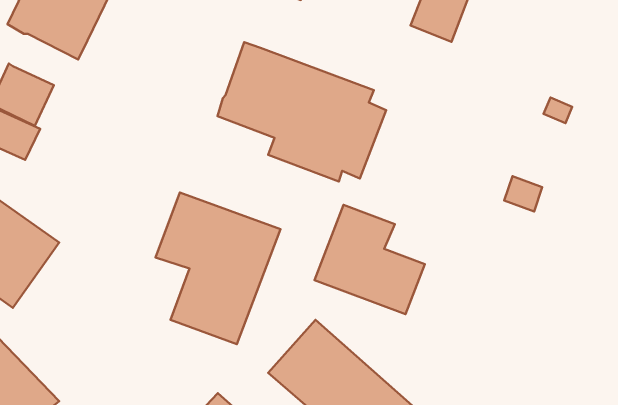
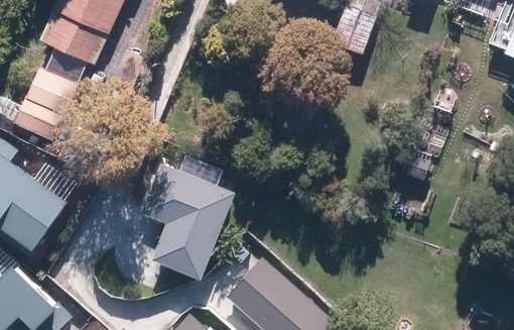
building: [217,42,386,181] -> none
building: [314,205,425,314] -> none

